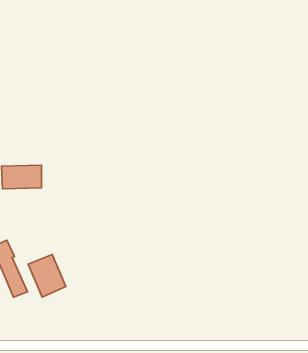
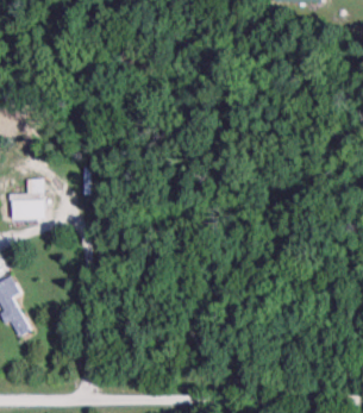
building: [28,254,66,297] -> none

